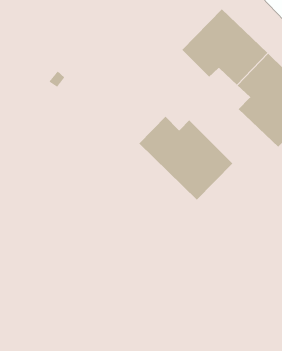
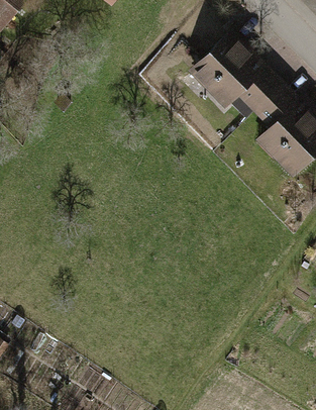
building: [138,116,233,201] -> none

